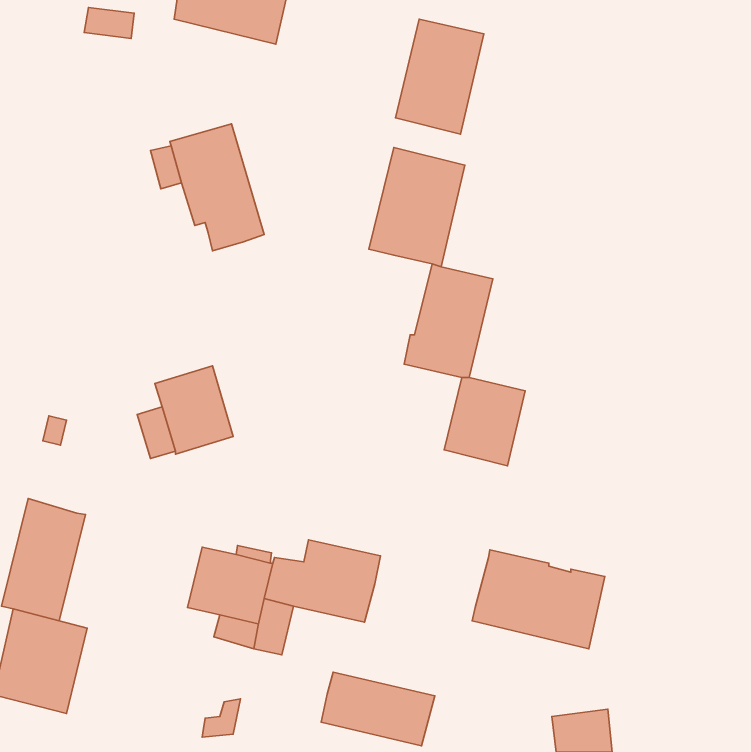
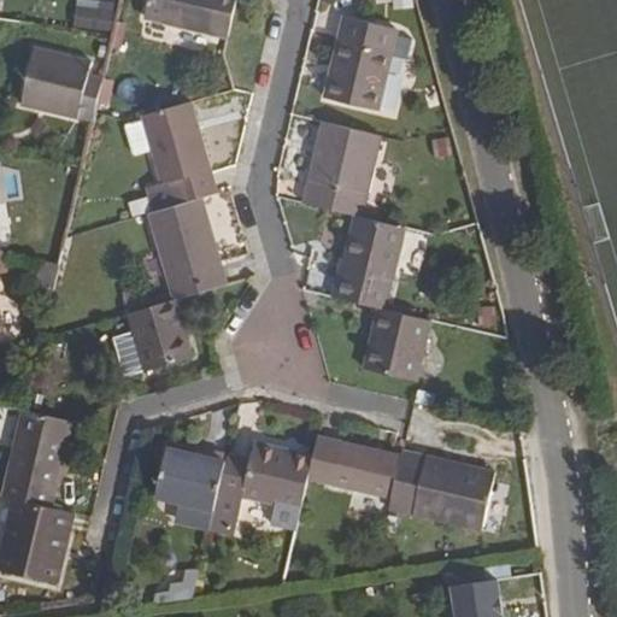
building: none -> [19,47,104,118]
building: none -> [148,198,224,299]
building: [321,672,435,746] -> [306,436,399,496]

